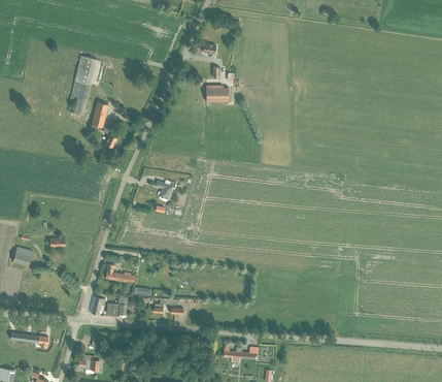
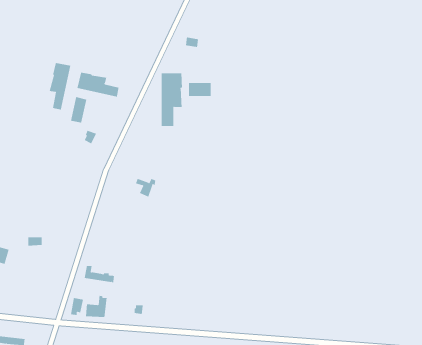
building: none -> [77,72,119,97]
building: none -> [161,73,182,127]

